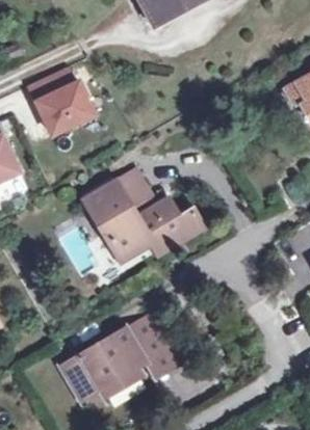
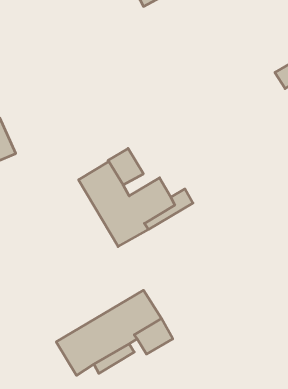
building: [28,66,95,136] -> none

